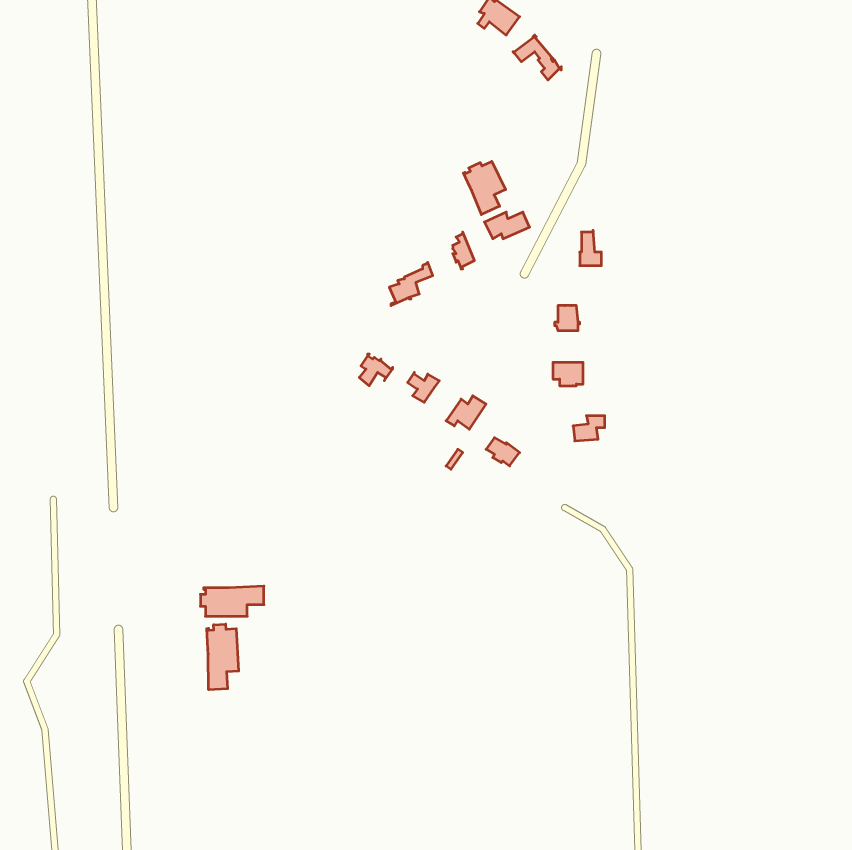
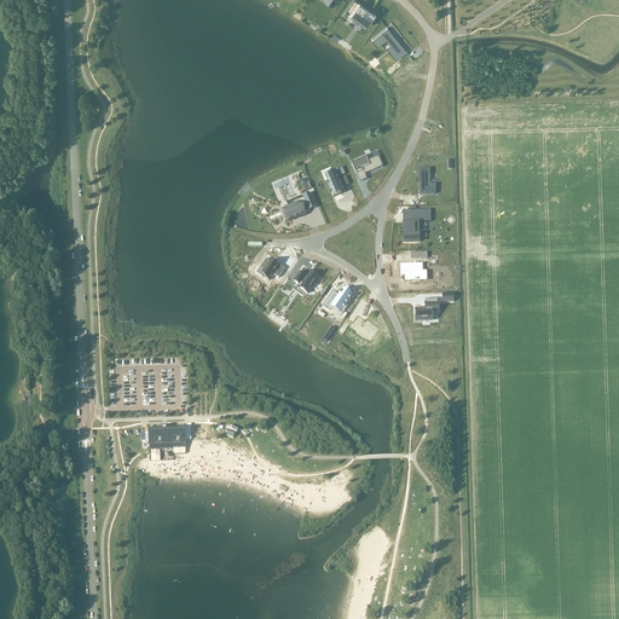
building: [463,161,506,215] -> none
building: [207,624,239,690] -> none

